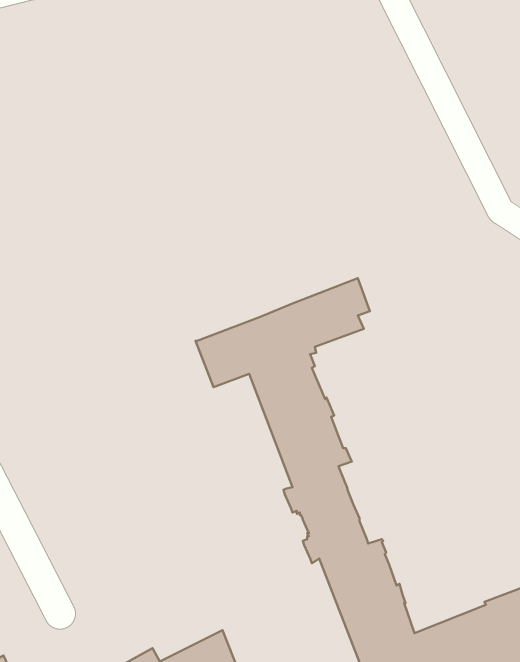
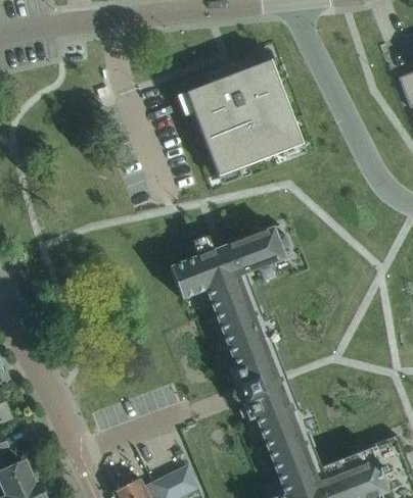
building: none -> [186,60,303,177]

